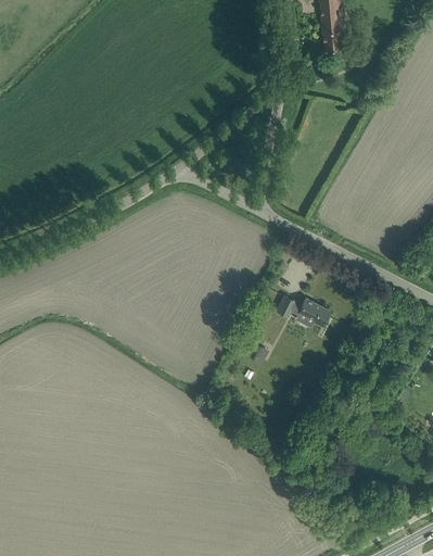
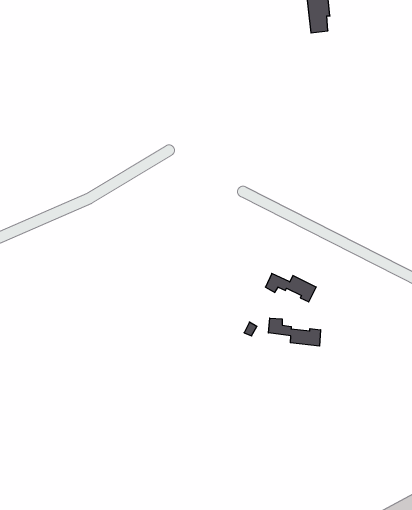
building: none -> [268,318,321,346]

